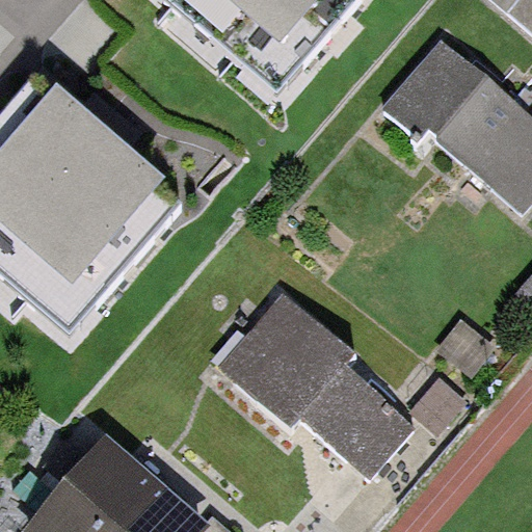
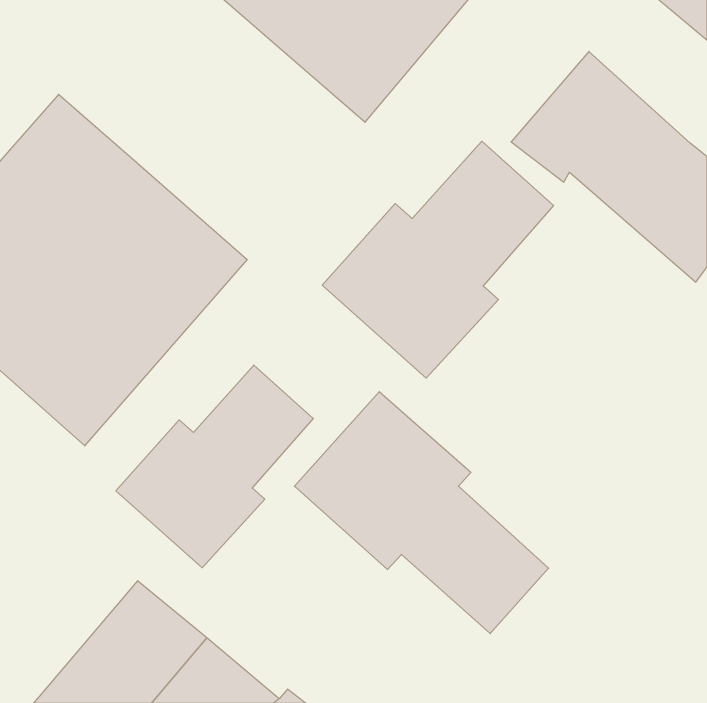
building: none -> [322,141,554,378]
building: none -> [116,365,313,568]

